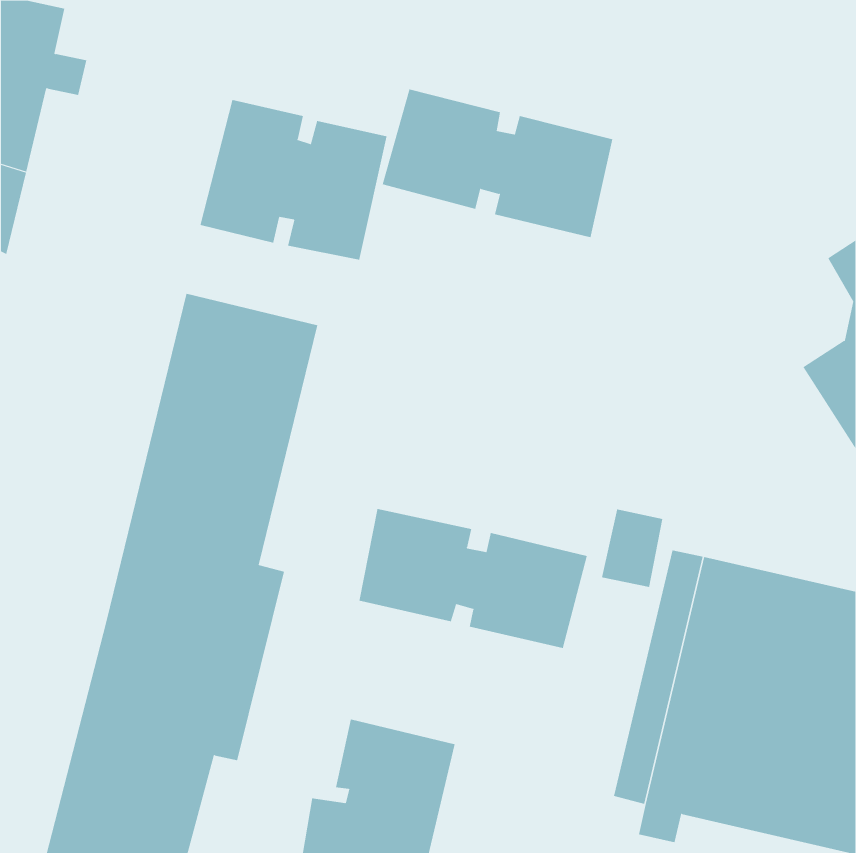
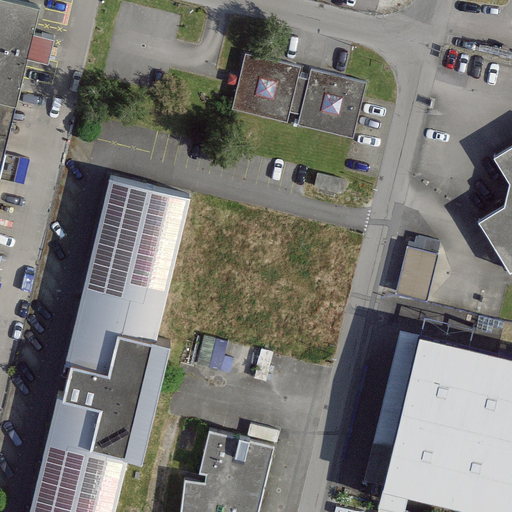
building: [200,99,387,261] -> none
building: [359,508,587,649] -> none
building: [601,509,663,587] -> [398,250,435,297]

